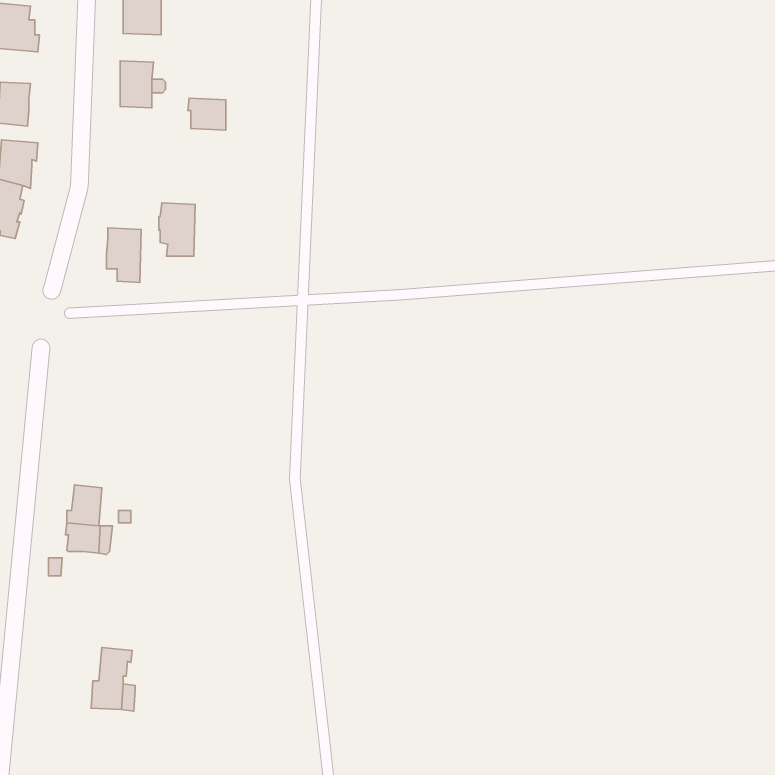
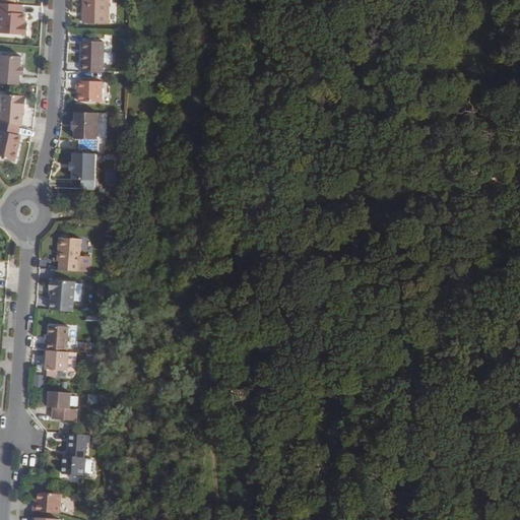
building: [188,98,226,130] -> [75,80,101,102]
building: [159,203,195,256] -> [72,112,96,147]
building: none -> [57,237,79,270]
building: none -> [49,279,74,311]
building: none -> [48,390,76,419]
building: none -> [31,492,60,512]

